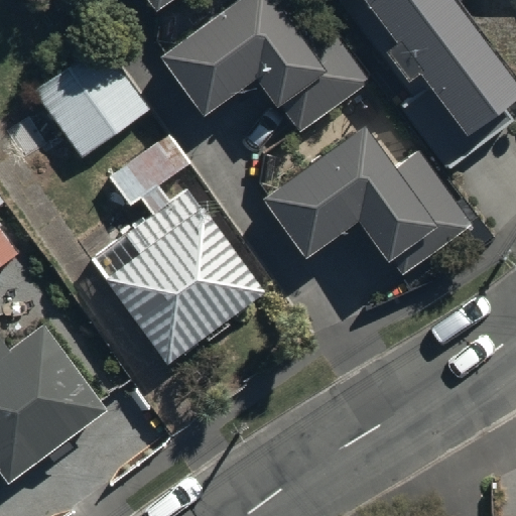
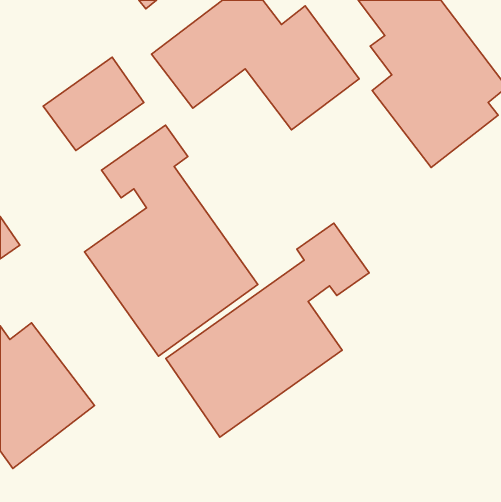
building: [262,127,473,277] -> none
building: none -> [166,223,369,437]

